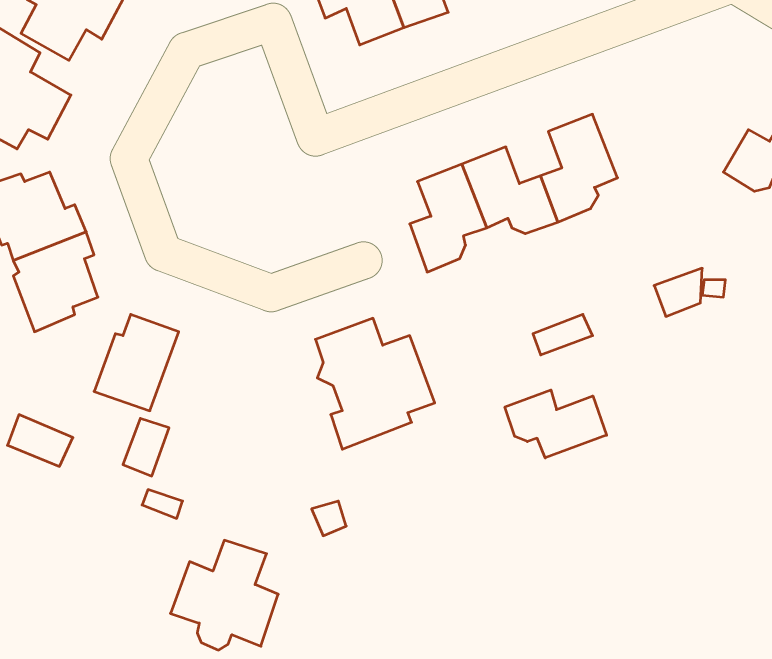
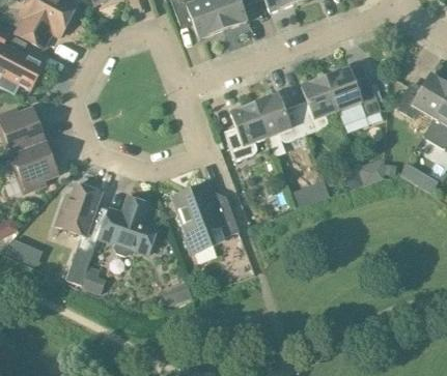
building: none -> [324,67,381,118]
building: [505,390,607,458] -> none
building: [170,540,278,650] -> [99,197,157,256]

